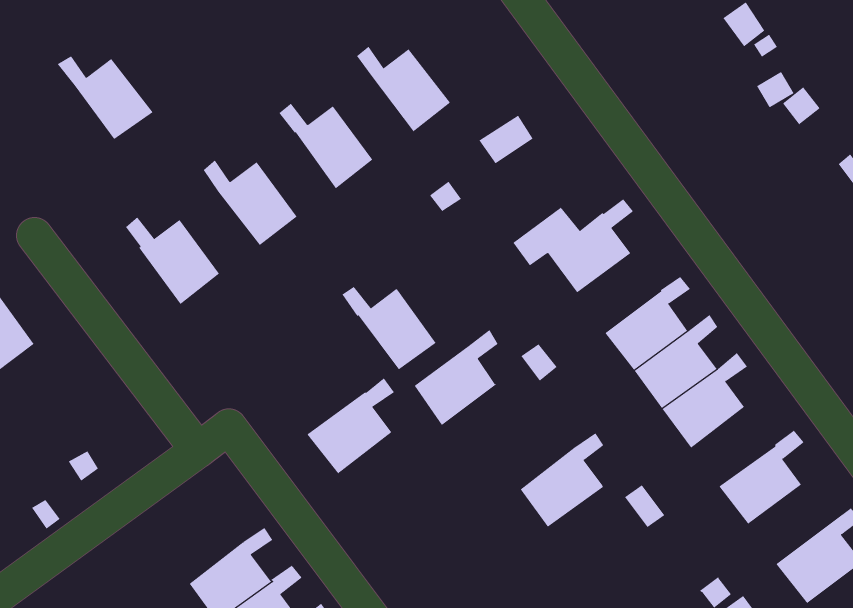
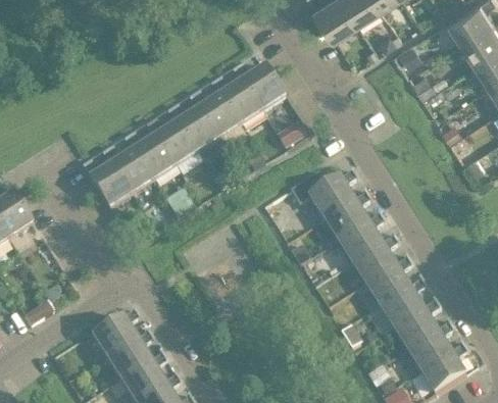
building: none -> [237,62,287,110]
building: [57,55,154,140] -> [106,146,156,193]
building: none -> [193,91,243,138]
building: [342,286,436,370] -> [150,118,199,165]
building: [414,329,498,426] -> [325,190,371,240]
building: [307,378,395,474] -> [90,308,139,358]
building: [520,433,604,527] -> [380,278,427,326]
building: none -> [407,320,454,370]

